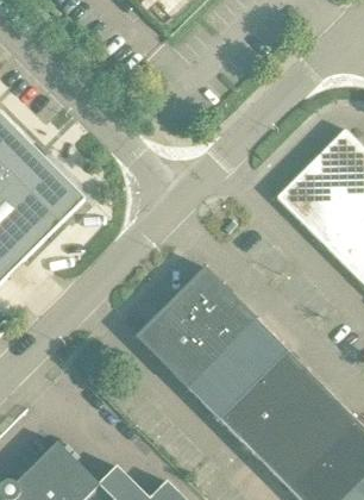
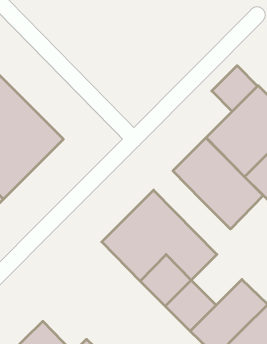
building: none -> [212,66,258,111]
building: none -> [173,138,263,229]
building: [256,352,324,420] -> none

